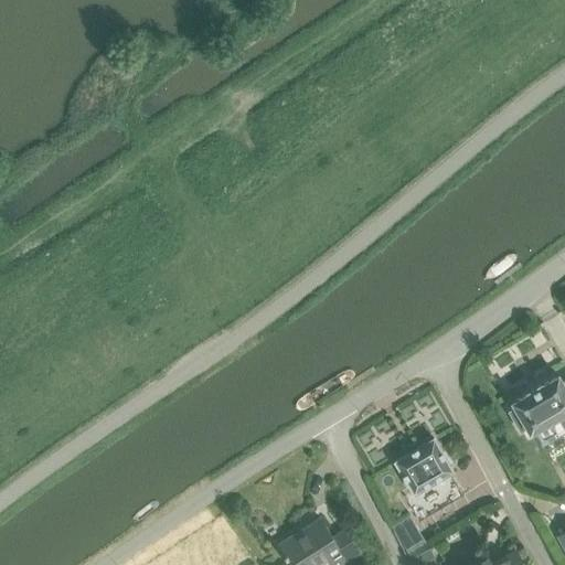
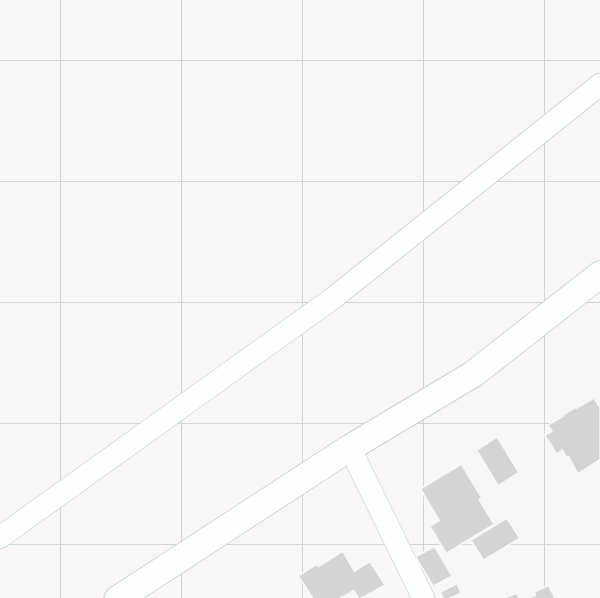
building: none -> [477,437,519,486]
building: none -> [470,518,520,560]

